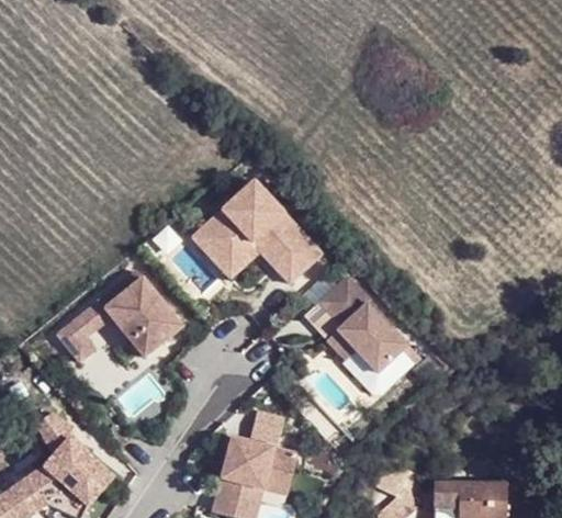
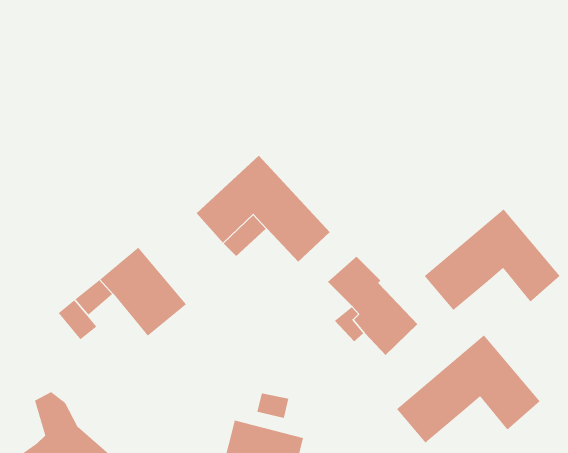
building: none -> [424,209,561,311]
building: none -> [396,335,540,443]

